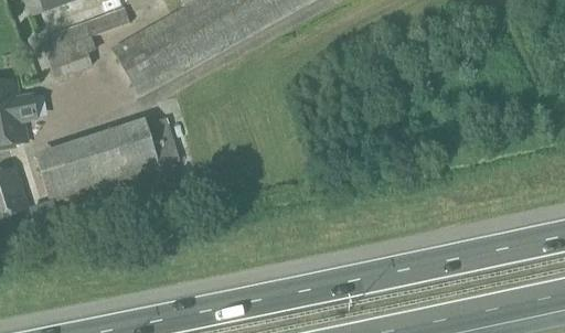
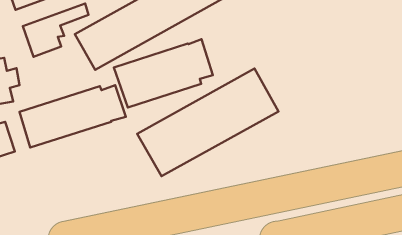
building: none -> [114,39,213,107]
building: none -> [137,68,278,176]

